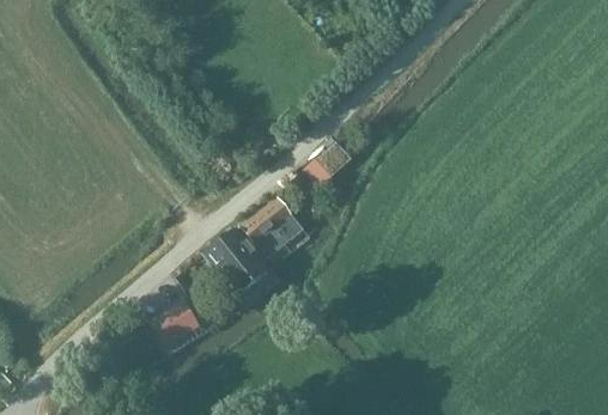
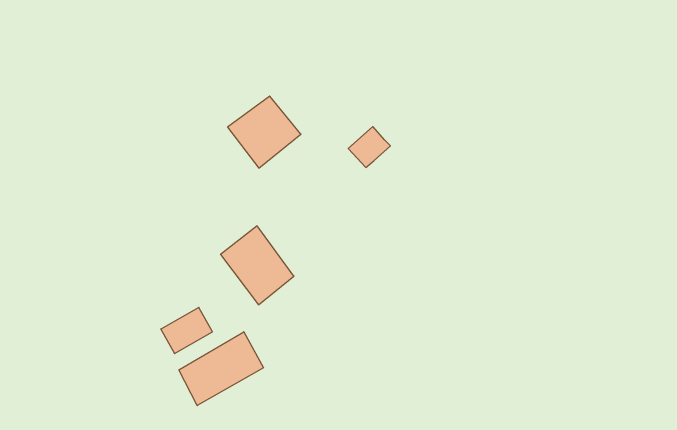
building: [238,197,303,261] -> [228,96,301,168]
building: none -> [179,332,263,406]

